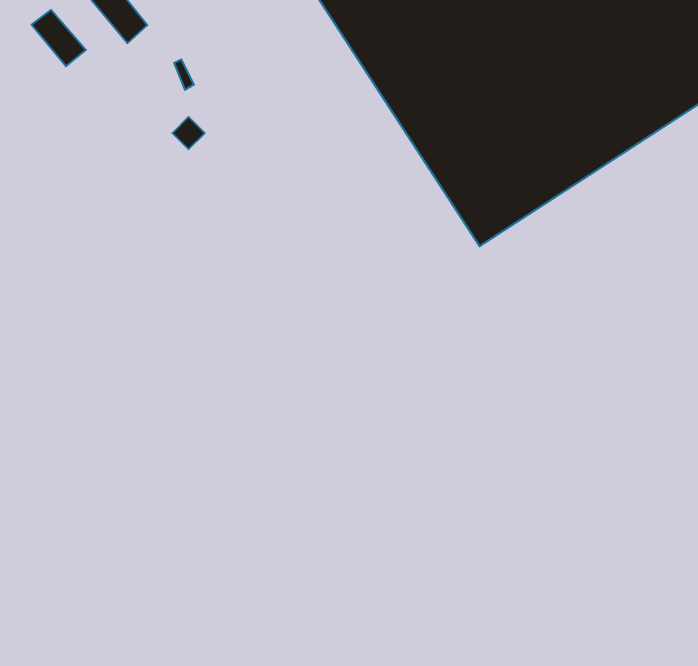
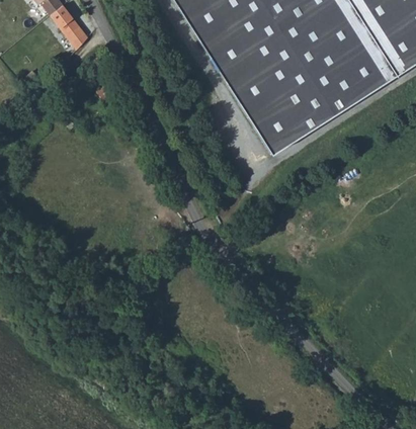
building: [32,10,86,66] -> none

